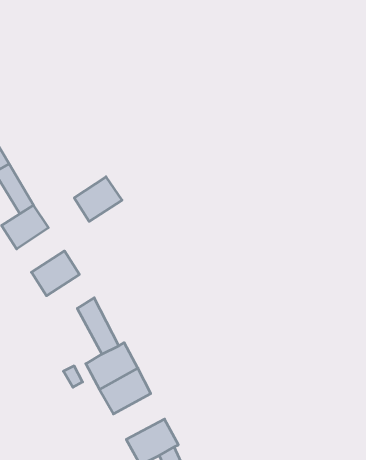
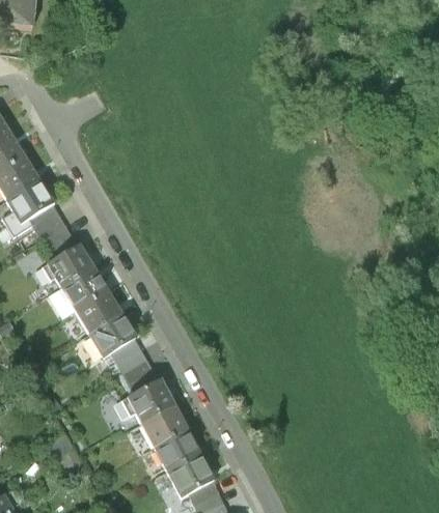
building: [74,177,122,221] -> [58,265,105,309]
building: none -> [87,311,134,354]
building: none -> [153,427,202,472]

